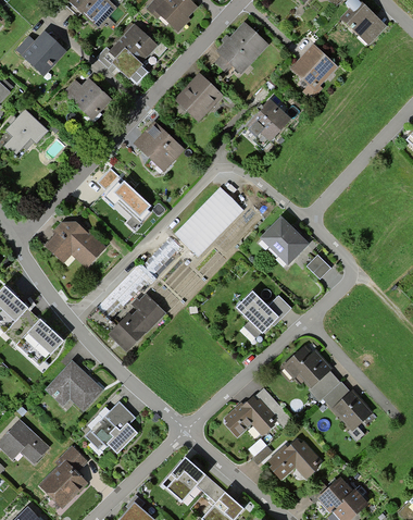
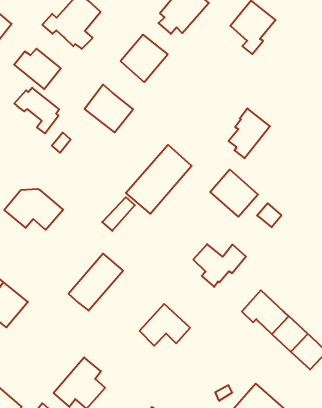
building: [248,97,291,148] -> [229,108,270,158]
building: [105,181,151,228] -> [14,88,59,133]
building: [46,360,104,410] -> none
building: [224,394,276,436] -> [140,304,190,346]

